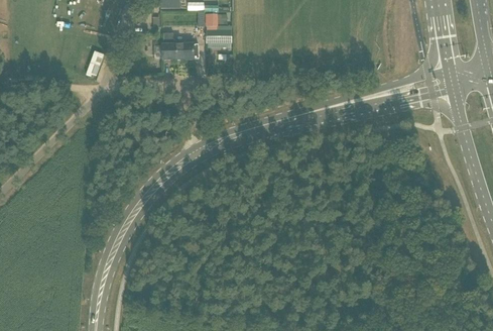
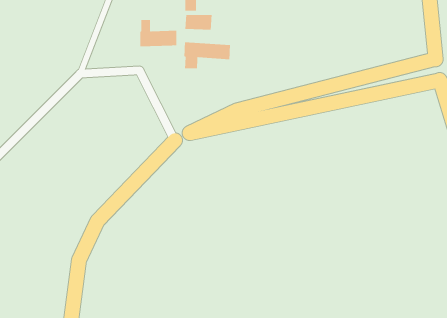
building: none -> [184,41,231,69]

